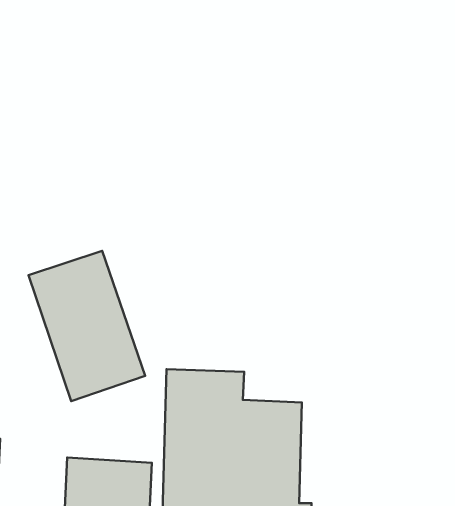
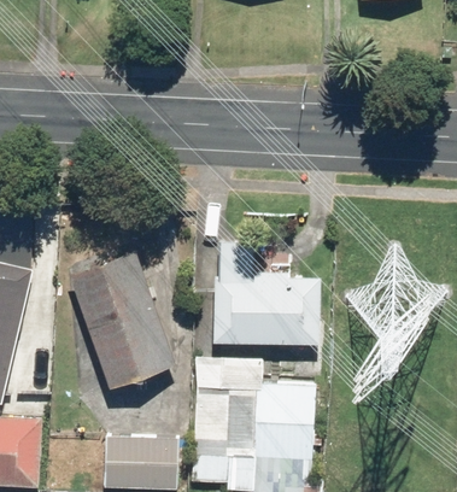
building: none -> [212,276,318,342]

